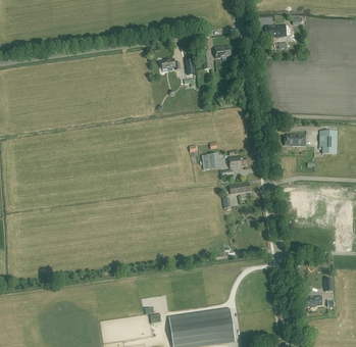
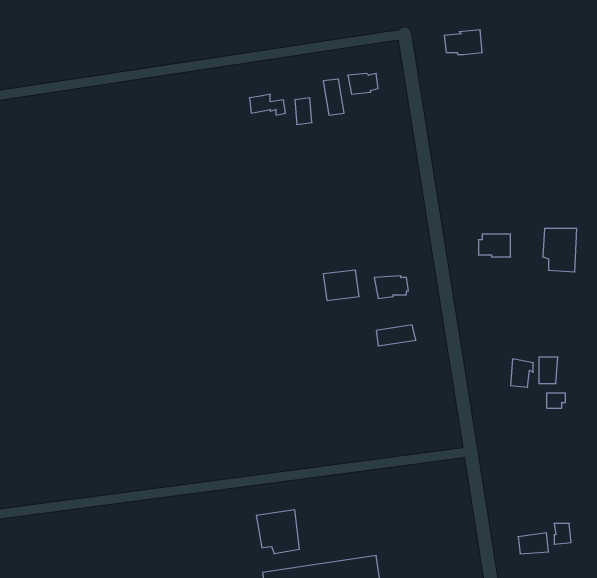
building: none -> [256,510,299,554]

